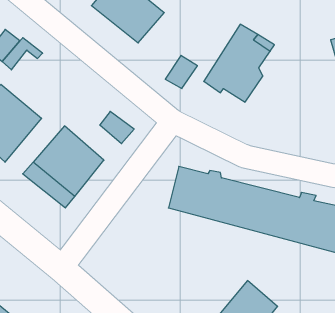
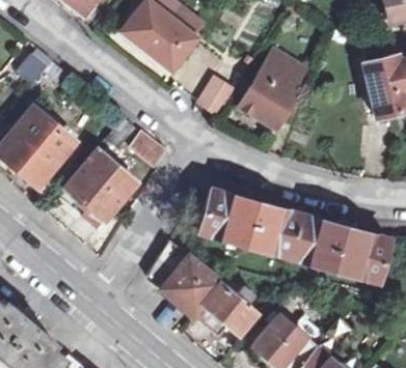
building: none -> [151,235,261,333]

